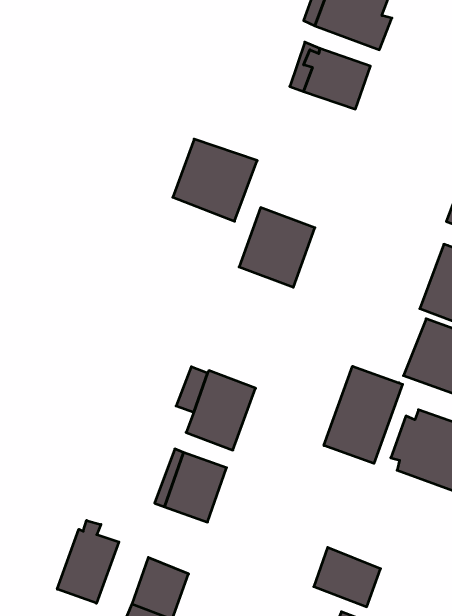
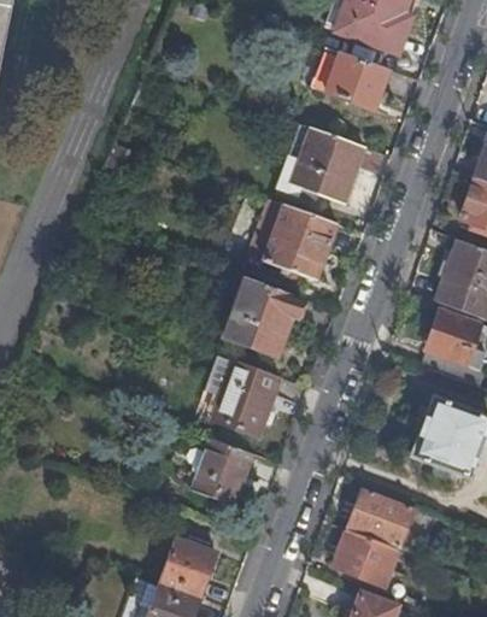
building: [173,139,257,221] -> [283,127,364,205]
building: none -> [224,278,303,355]
building: [324,366,403,463] -> none
building: none -> [348,487,415,550]
building: [57,520,119,603] -> none

